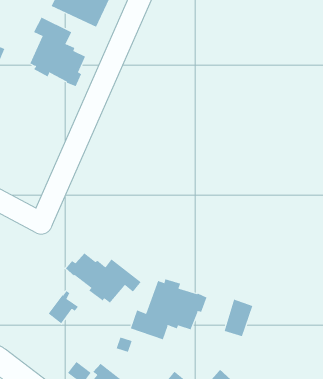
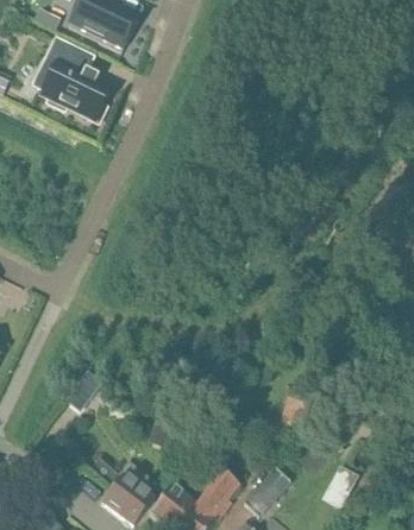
building: [65,253,141,304] -> none
building: [130,278,207,340] -> none

